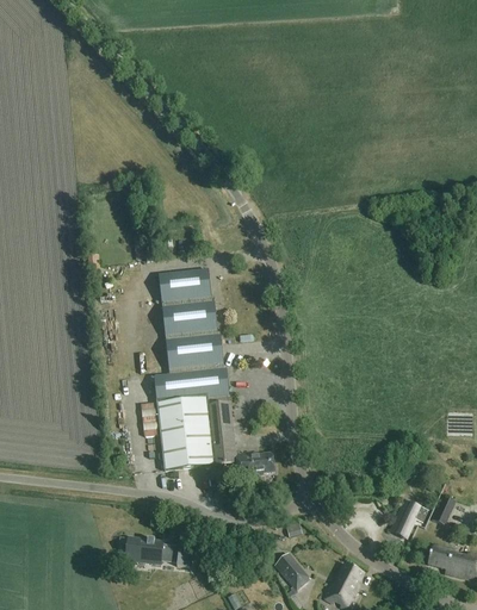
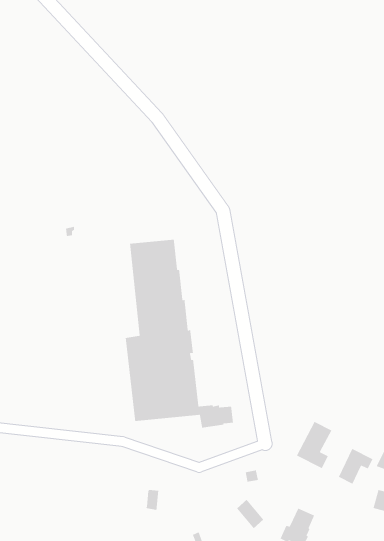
building: none -> [296,421,332,469]
building: [125,537,163,564] -> none

